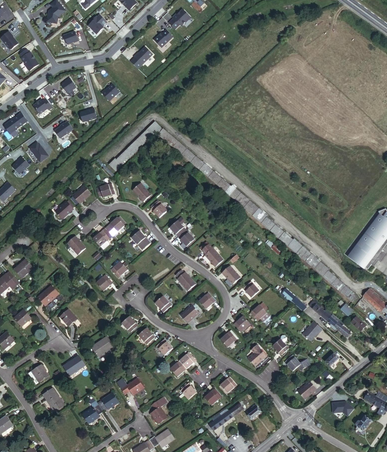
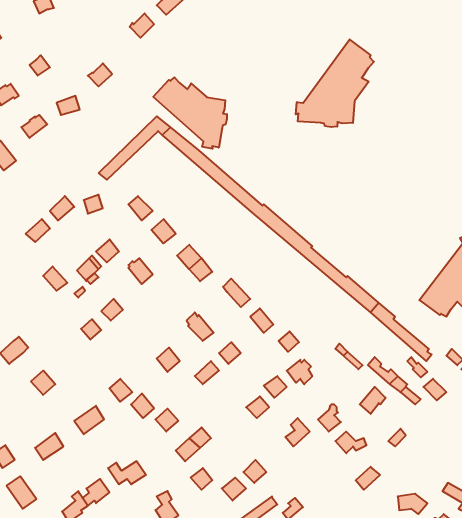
building: none -> [296,39,374,127]
building: none -> [153,77,227,149]

